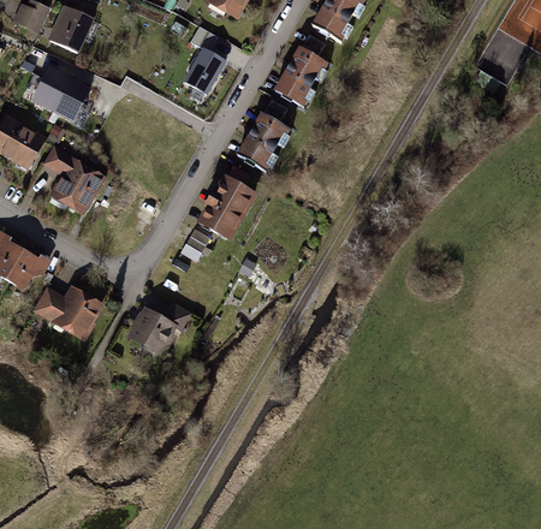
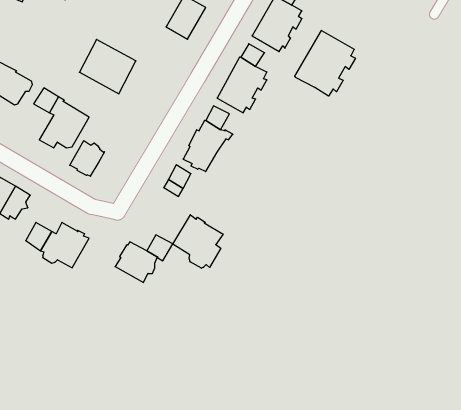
building: [30,66,90,124] -> [79,39,136,94]
building: none -> [295,30,355,96]
building: none -> [70,141,104,176]
building: none -> [173,215,223,268]

